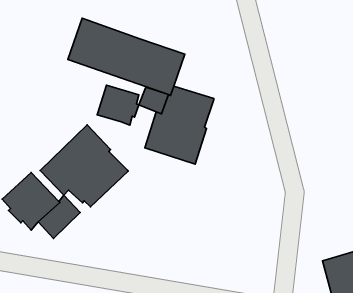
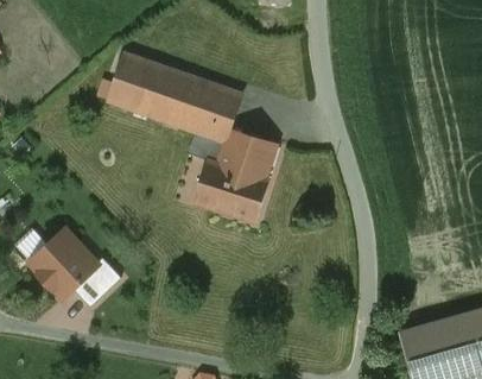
building: [97,85,139,125] -> none
building: [40,125,128,207] -> none

